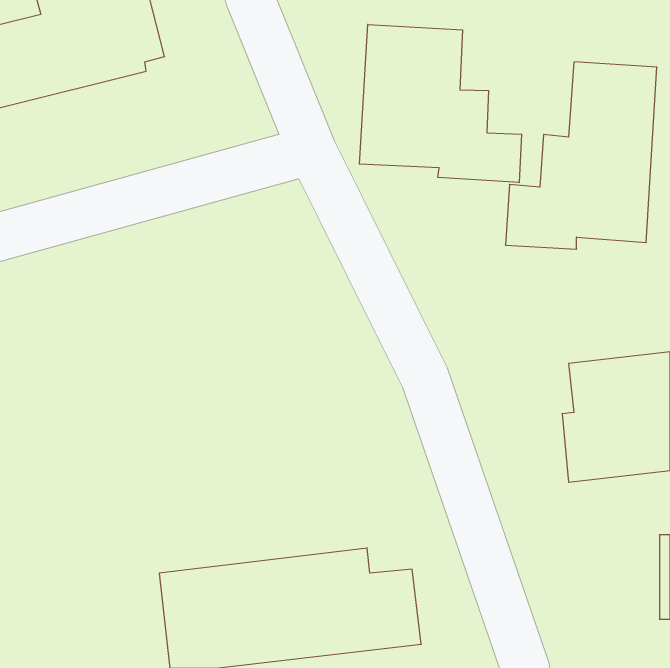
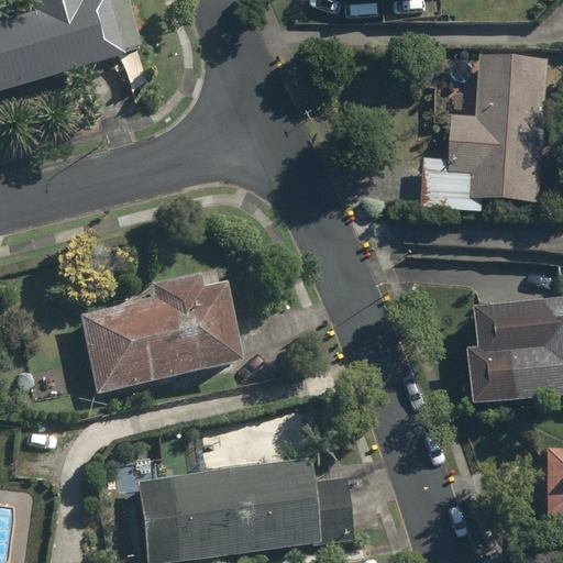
building: [359,24,522,183] -> none
building: none -> [77,268,243,394]

